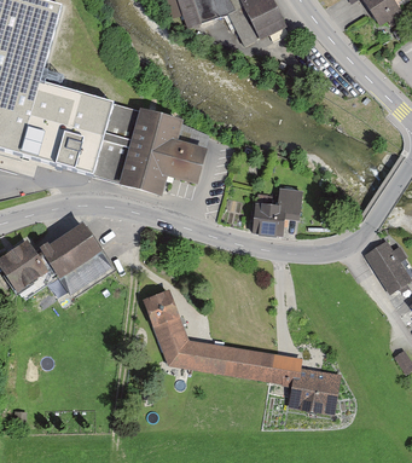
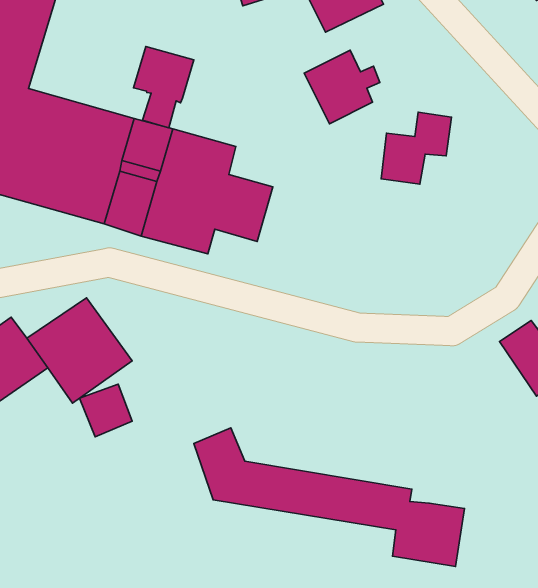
building: none -> [134,47,194,128]
building: none -> [304,50,380,124]
building: [255,189,303,238] -> [381,112,452,184]
building: [143,290,179,326] -> [79,384,132,437]

